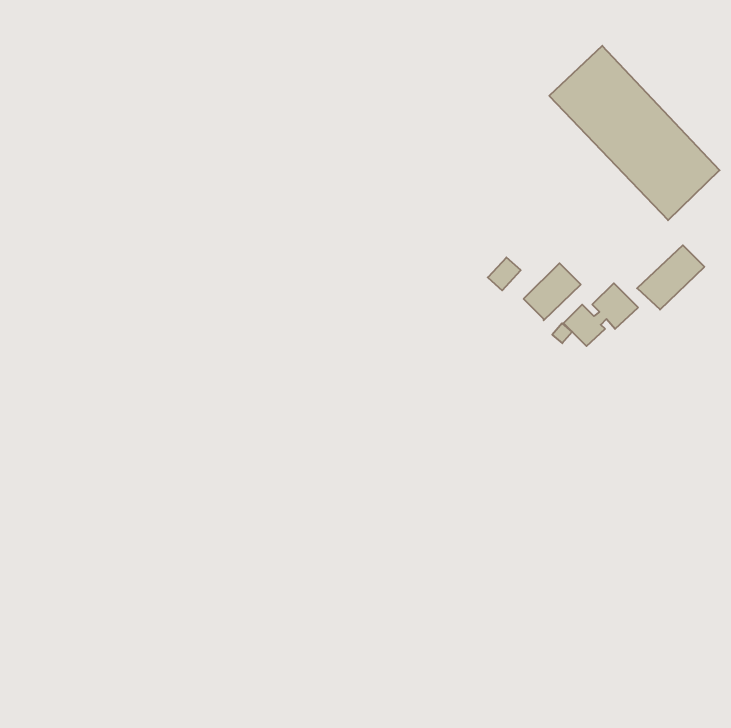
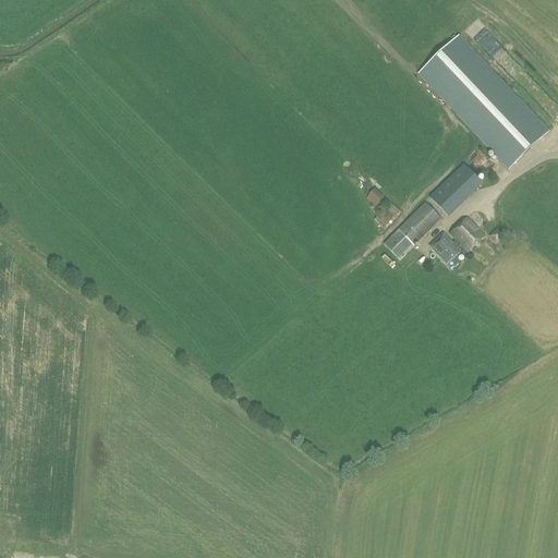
building: [637,245,704,310] -> [429,162,481,211]
building: none -> [384,228,414,259]

